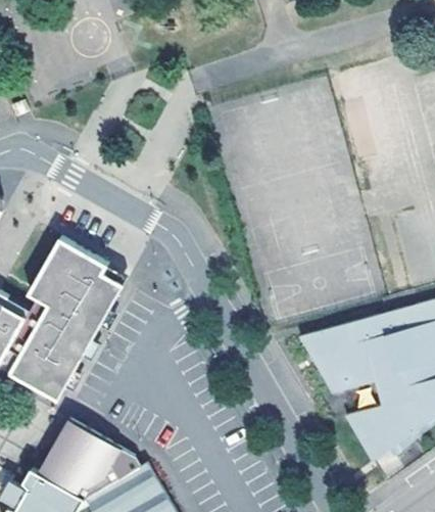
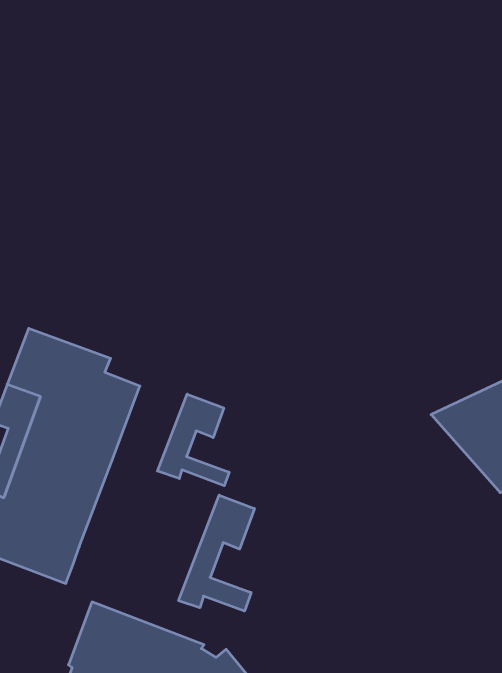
building: none -> [157,394,229,486]
building: none -> [179,495,254,611]

